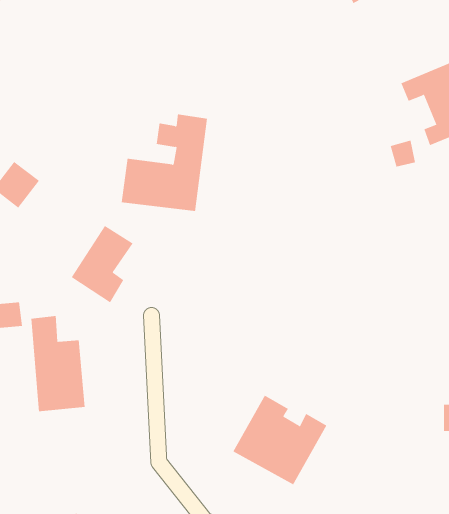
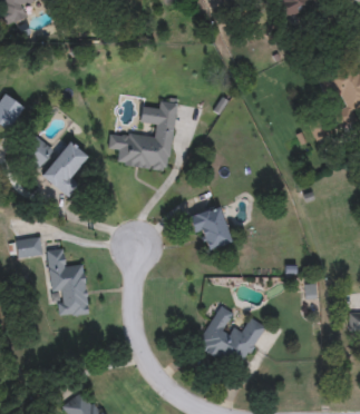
building: [71,225,133,303] -> [42,139,88,196]
building: none -> [189,204,234,248]

